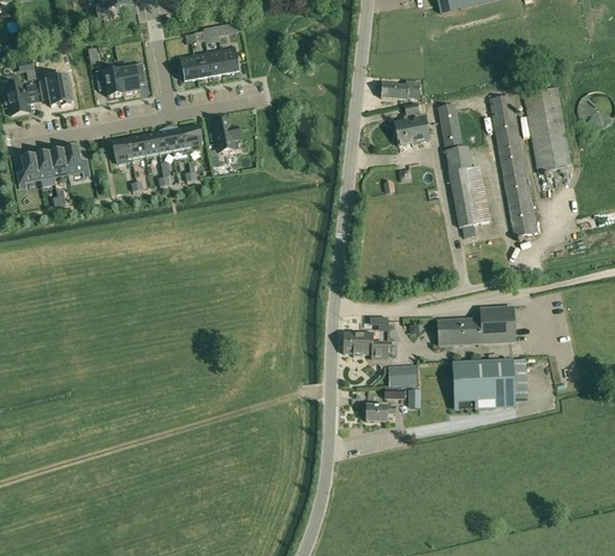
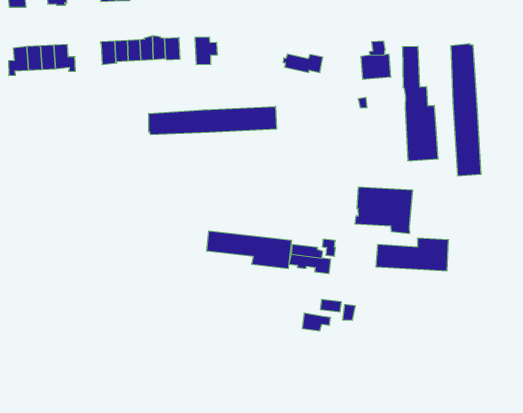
building: [378,79,420,98] -> [283,54,323,73]
building: [523,86,571,172] -> none
building: none -> [149,106,276,135]
building: none -> [207,231,292,269]
building: [454,359,515,406] -> [355,187,413,234]
building: [388,365,417,385] -> none

